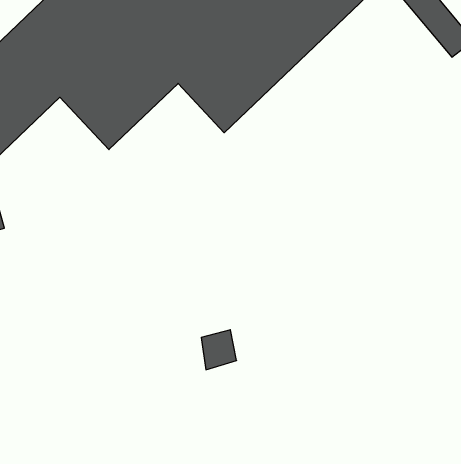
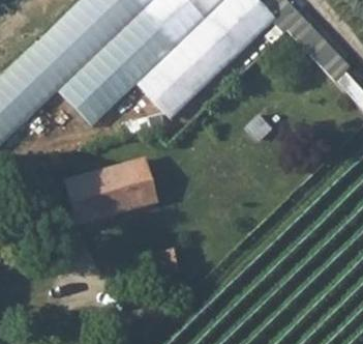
building: none -> [66,163,156,223]

